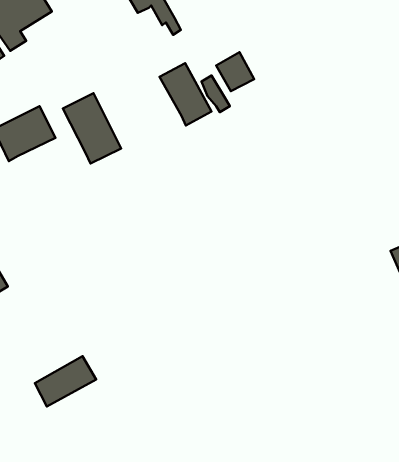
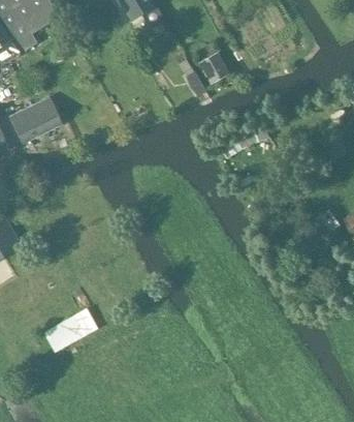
building: [160,63,211,125] -> none
building: [63,93,121,164] -> none

